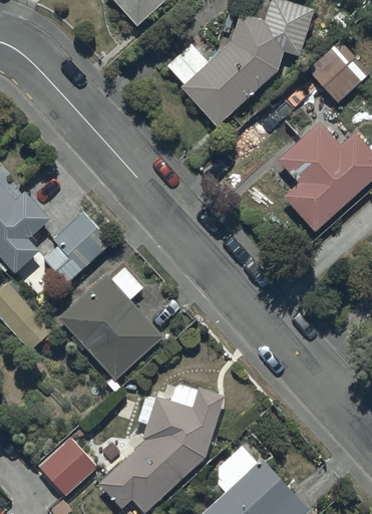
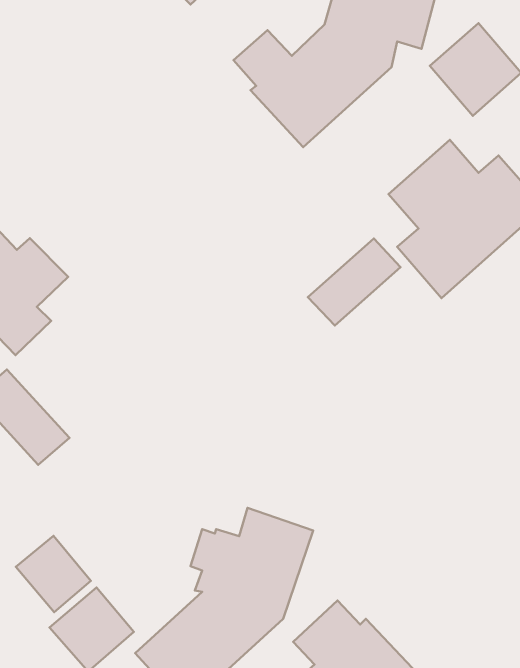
building: none -> [308,239,401,326]
building: [42,210,113,285] -> none
building: [58,267,162,379] -> none
building: none -> [16,536,91,612]

